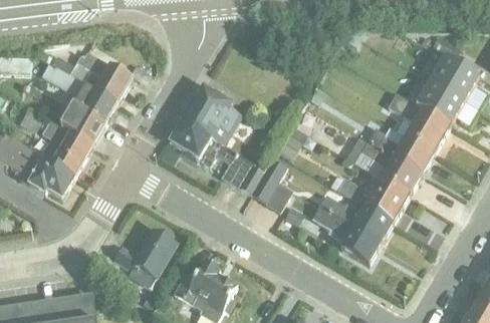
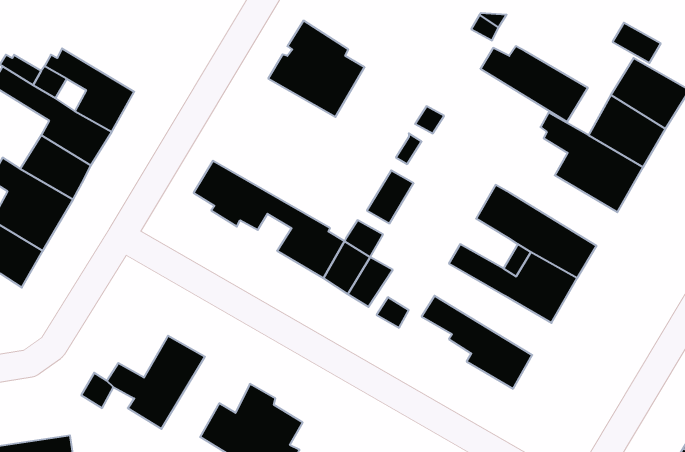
building: [180,85,240,145] -> [268,21,365,117]
building: [365,127,433,175] -> [480,46,588,122]
building: [318,195,392,243] -> none

